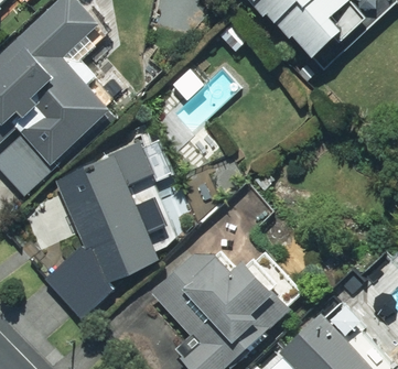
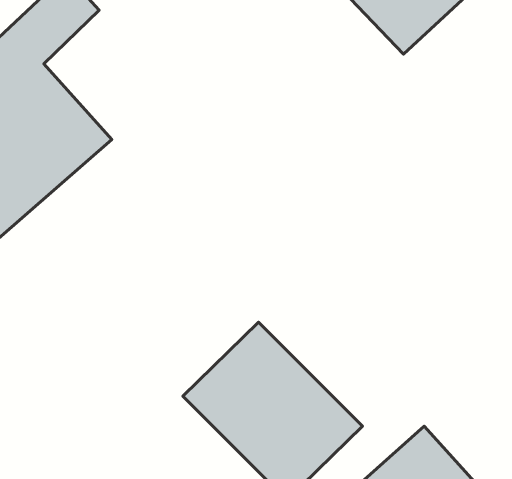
building: [47,156,160,313] -> none

